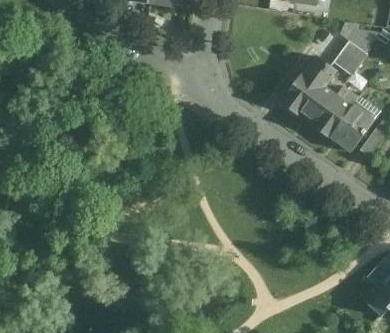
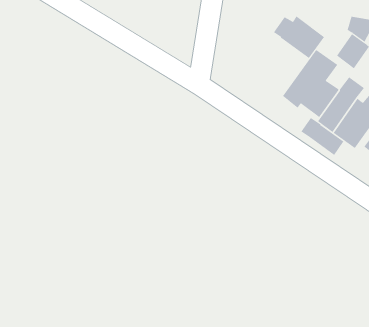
building: none -> [273,16,325,59]
building: none -> [300,117,344,156]

